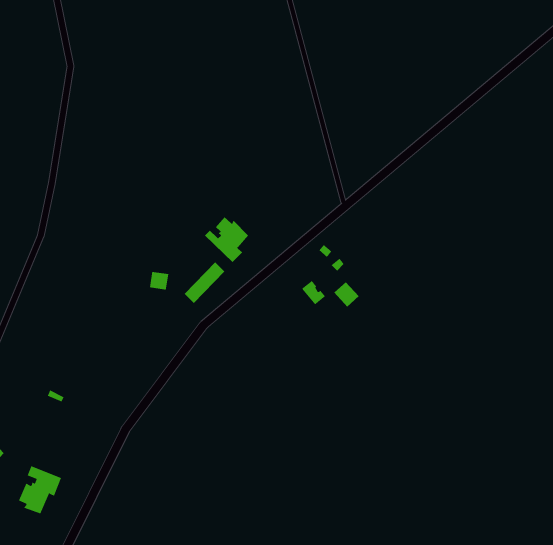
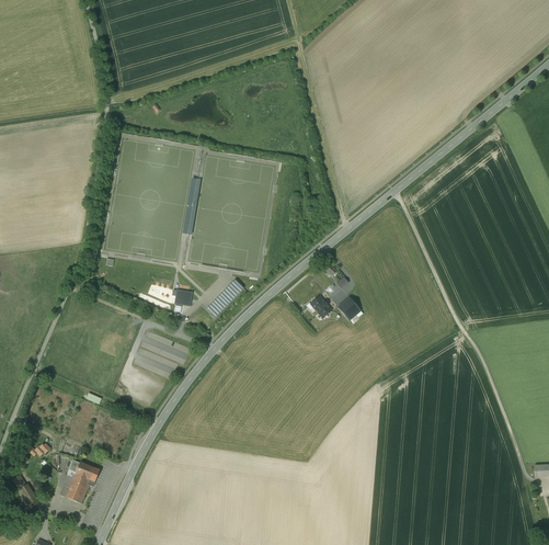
building: [204,217,249,263] -> none

